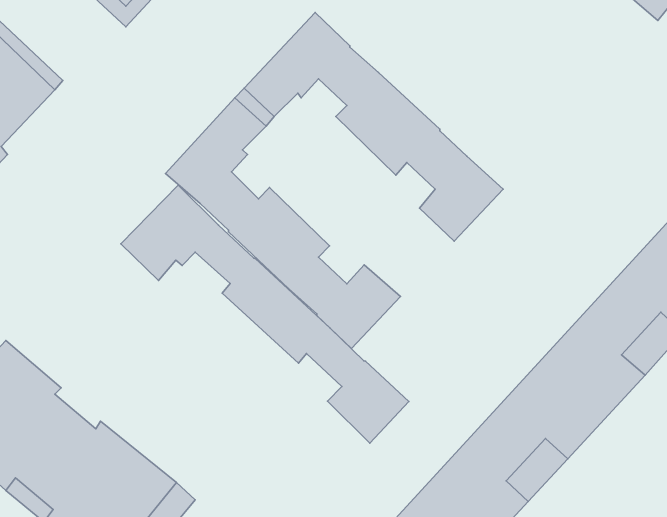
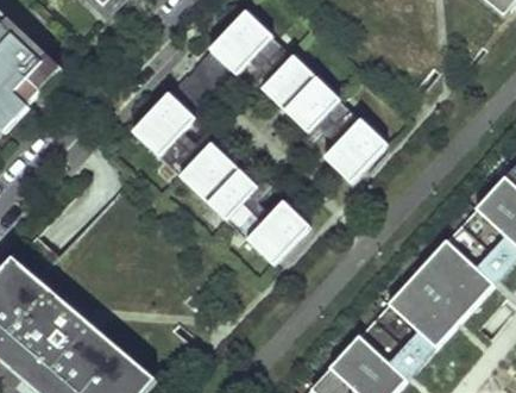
building: [121,185,409,443] -> none

